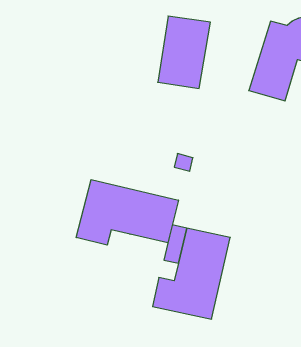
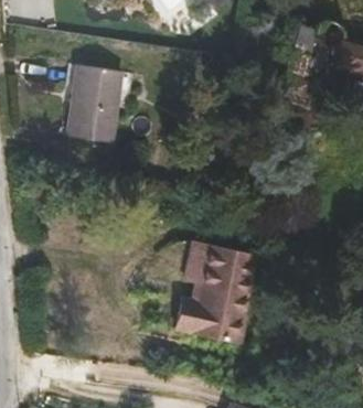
building: [158,16,210,88] -> [67,64,124,141]
building: [76,180,178,245] -> none

